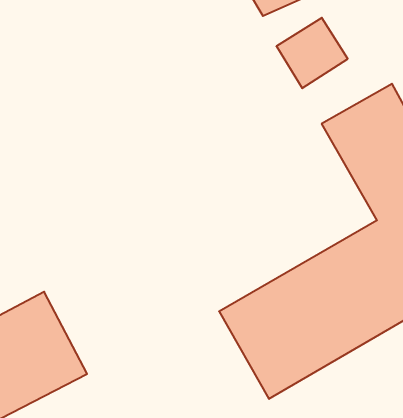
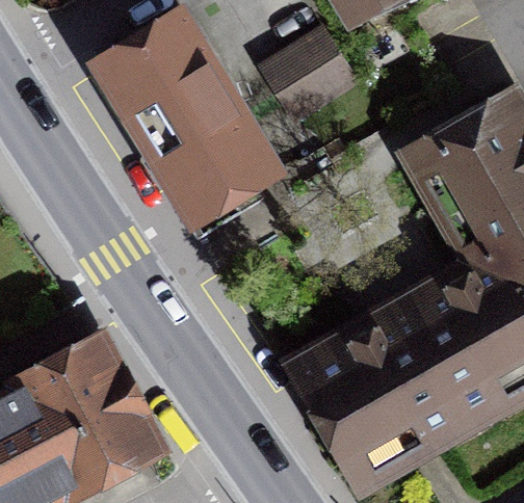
building: none -> [98,17,270,216]
building: [276,18,348,88] -> [266,32,349,114]

